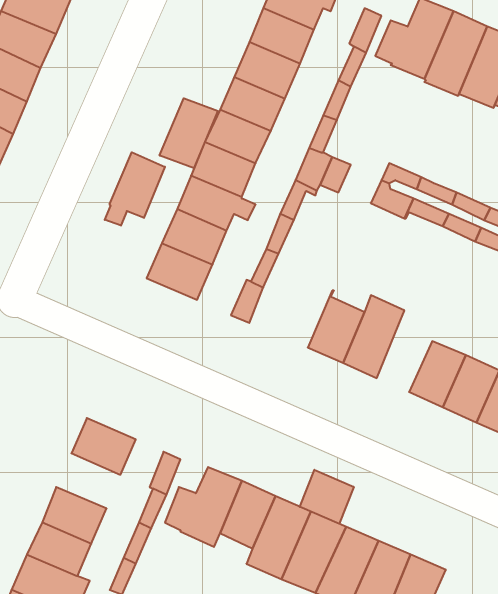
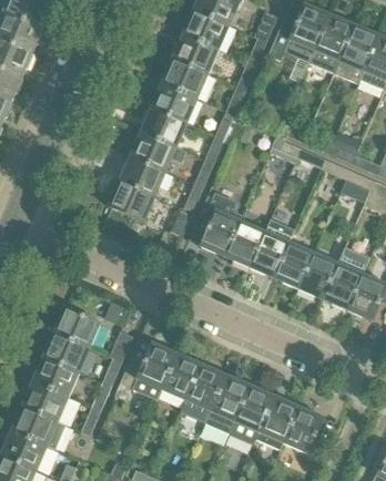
building: [160,98,218,168] -> none
building: [105,152,165,226] -> none
building: none -> [194,192,242,256]
building: none -> [274,240,314,288]
building: none -> [42,332,89,372]
building: [300,470,354,524] -> none

